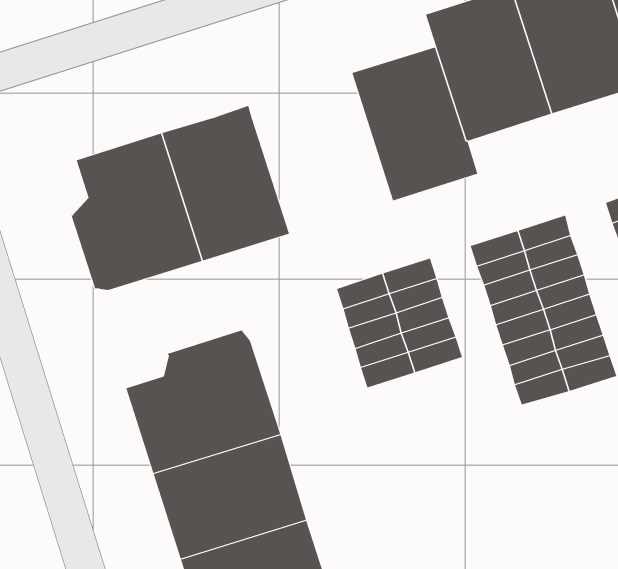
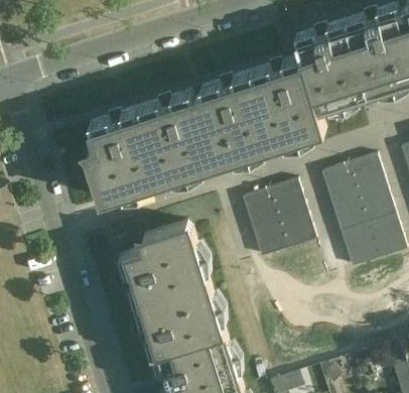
building: none -> [191,71,274,165]

